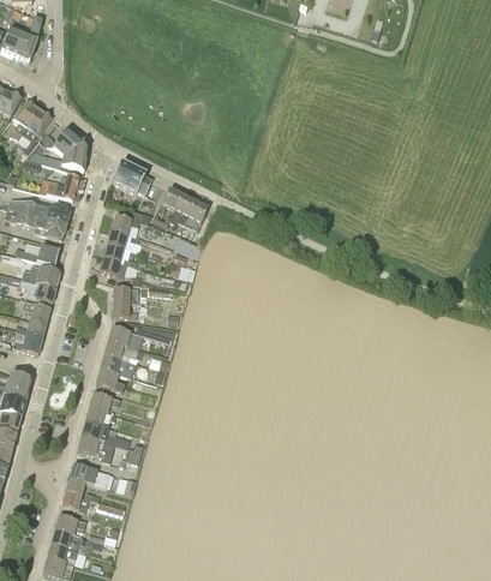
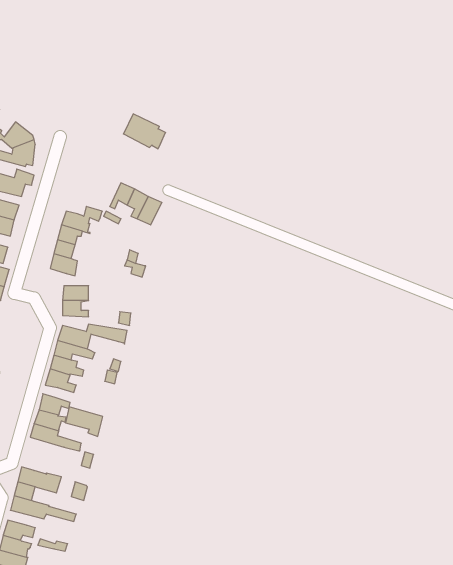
building: [110,161,151,194] -> [123,114,166,149]
building: [77,433,113,462] -> [66,407,103,436]

